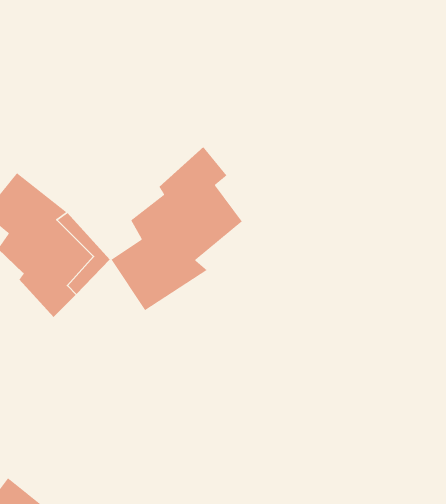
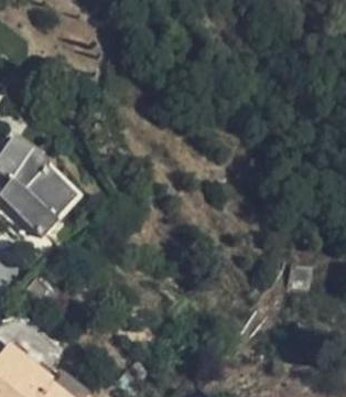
building: [110,146,243,311] -> none

